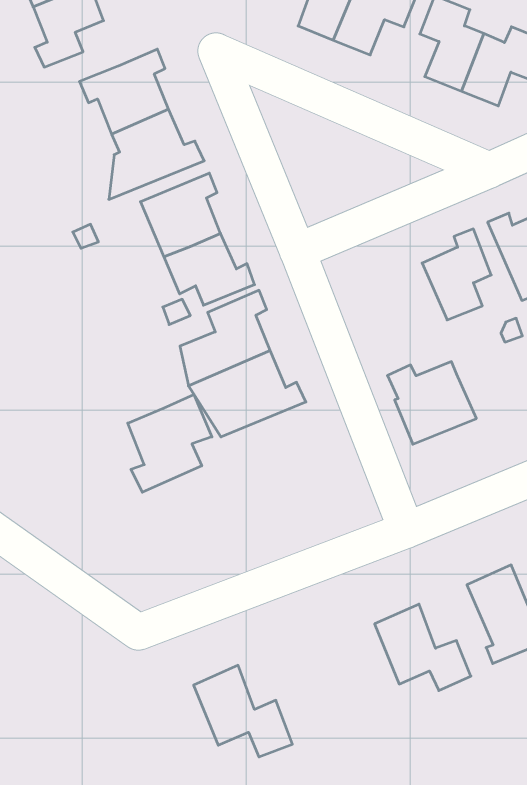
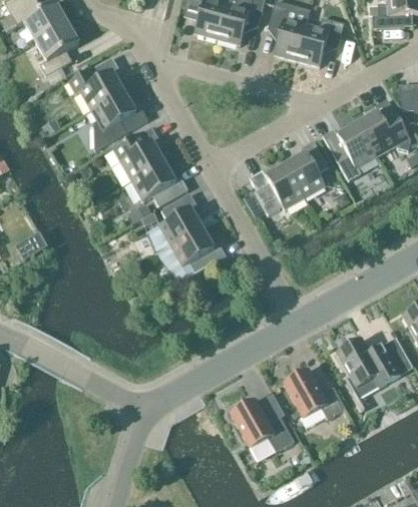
building: [387,362,476,444] -> [249,164,305,216]
building: [128,394,212,492] -> none
building: [194,665,292,757] -> [231,398,294,451]

